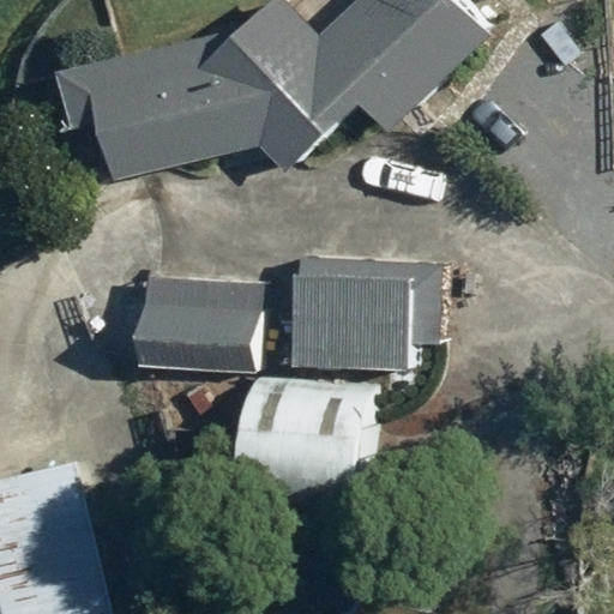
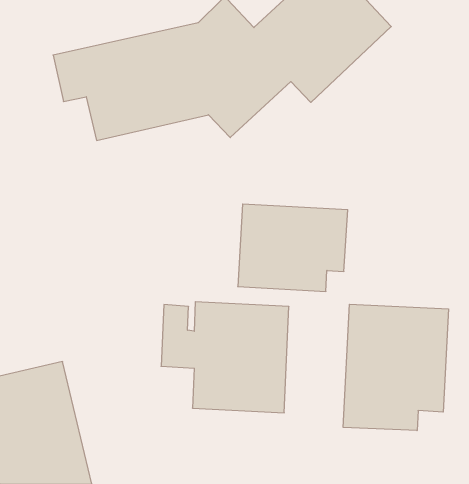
building: [144,277,260,372] -> none
building: none -> [343,304,448,431]

